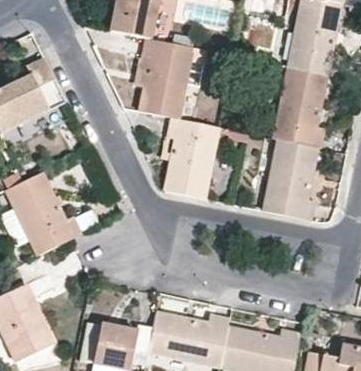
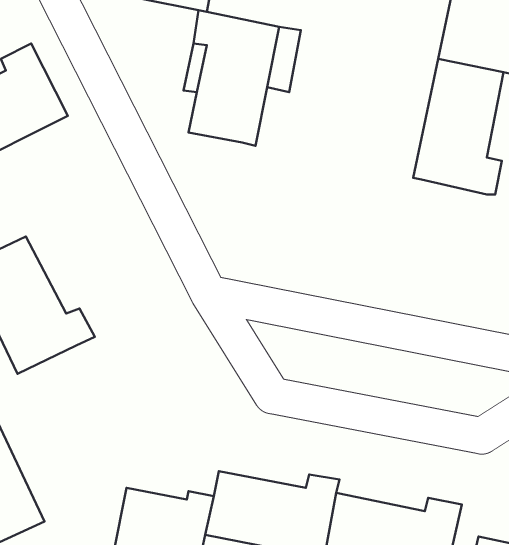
building: [164,117,217,198] -> none
building: [263,139,316,220] -> none

